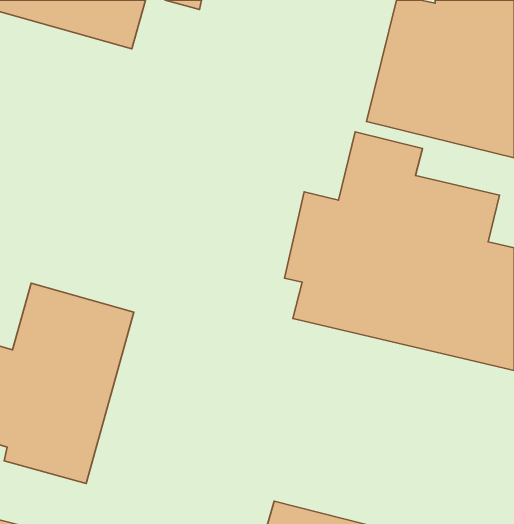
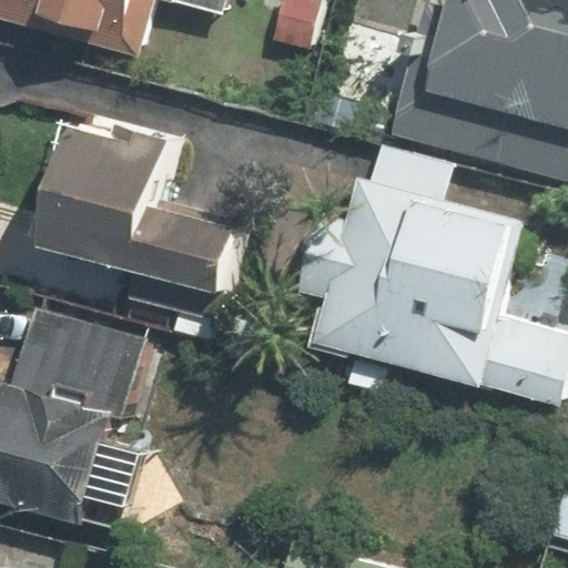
building: none -> [60,116,252,341]

